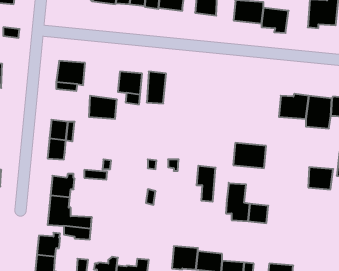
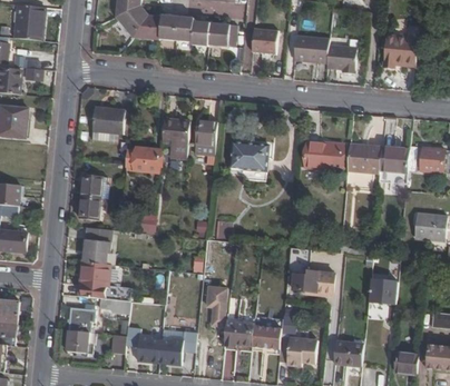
building: none -> [227,143,271,174]
building: [233,143,266,168] -> [303,141,341,170]
building: [196,166,216,202] -> [204,285,226,326]
building: [308,167,333,189] -> [369,278,398,304]

